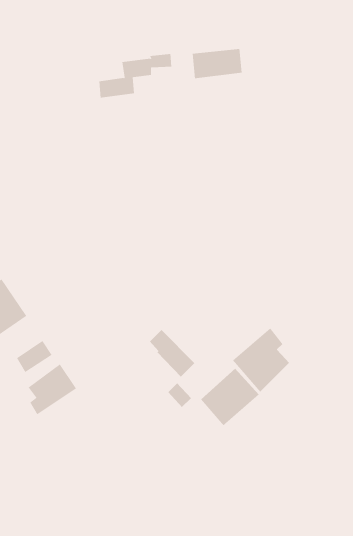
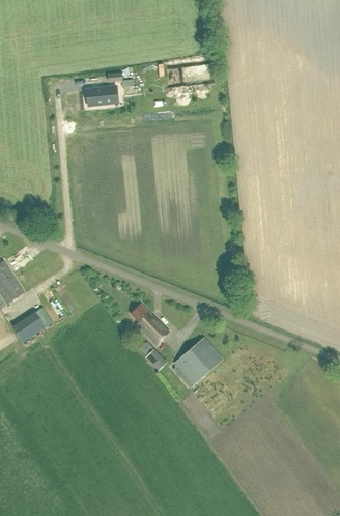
building: [232,327,290,392] -> none
building: [28,363,77,415] -> none

